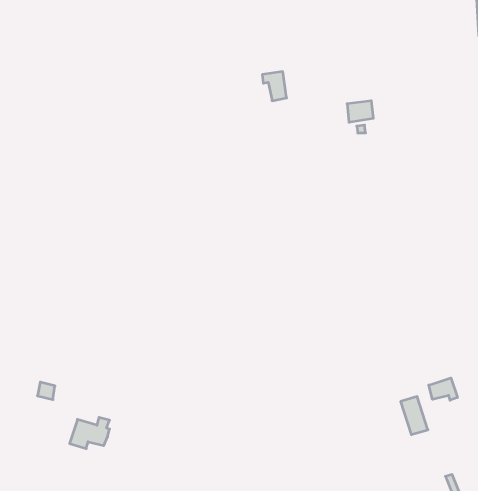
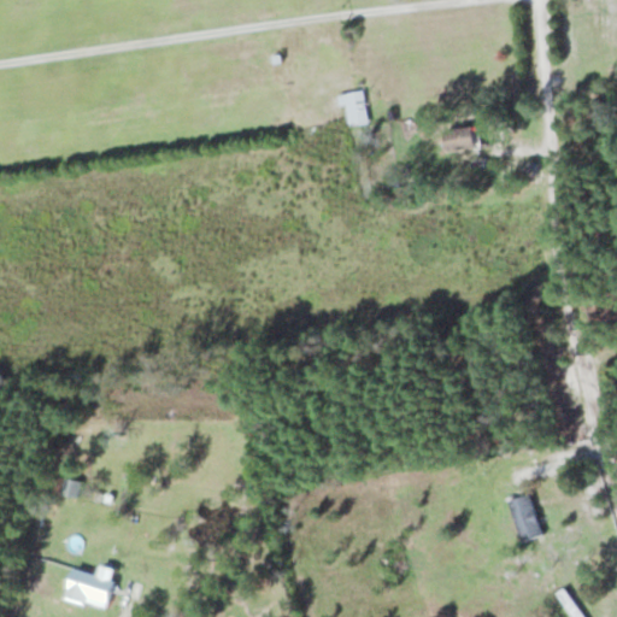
building: [429,378,457,400] -> none
building: [70,417,110,449] -> [63,565,112,604]

